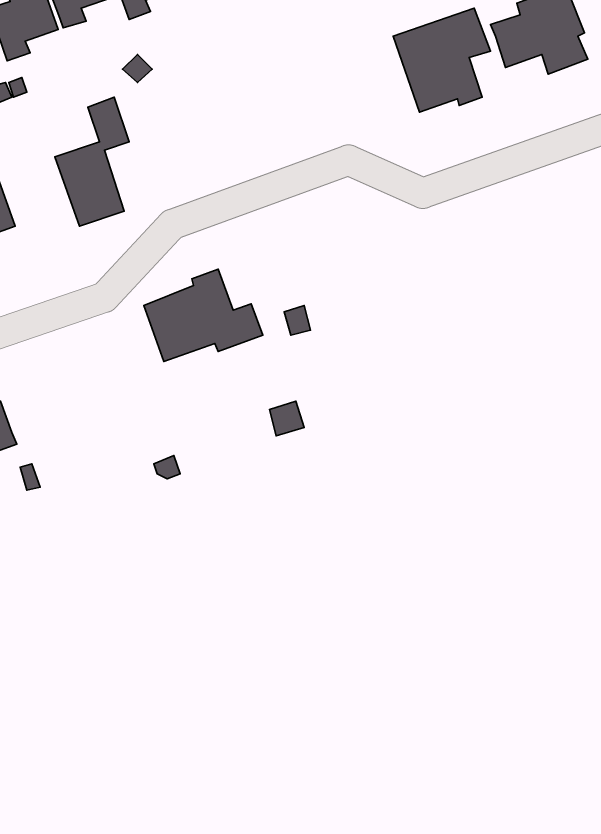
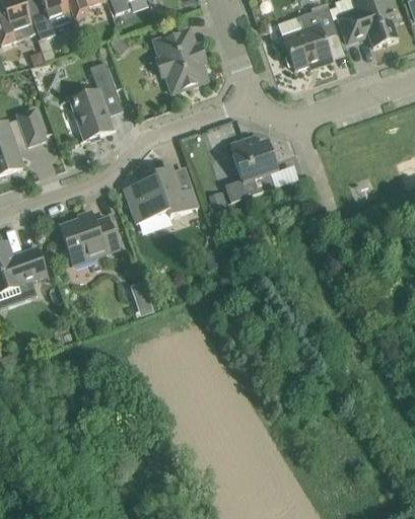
building: none -> [154,28,206,91]
building: none -> [224,135,277,203]
building: none -> [59,210,118,263]

